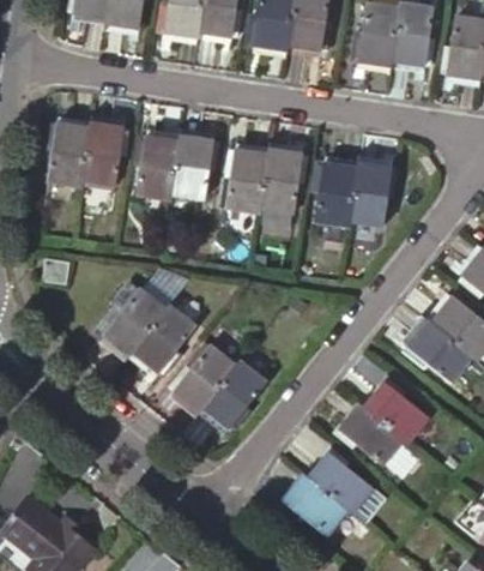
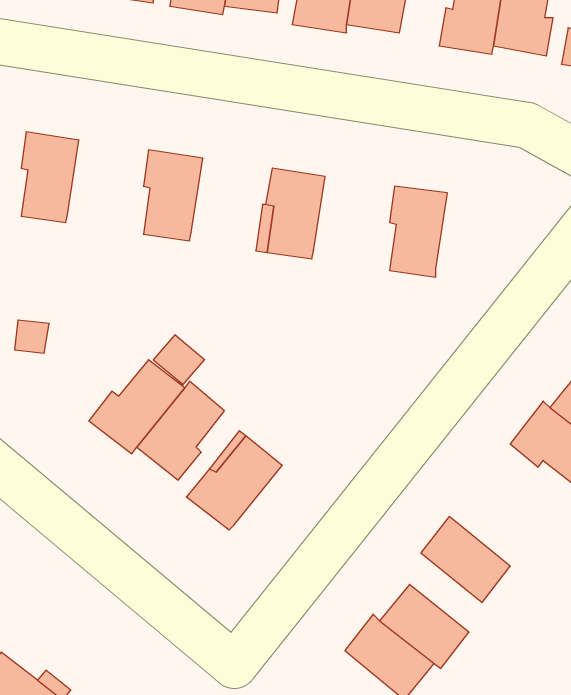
building: [81,122,129,187] -> none
building: [171,136,218,200] -> none
building: [260,149,308,214] -> none
building: [349,162,397,227] -> none
building: [202,360,266,432] -> none
building: [363,380,429,441] -> none

